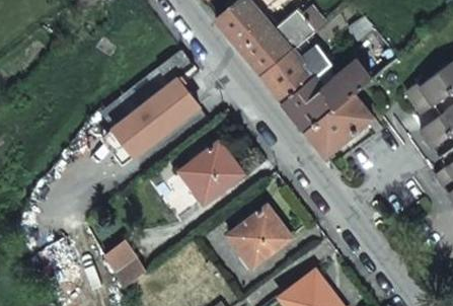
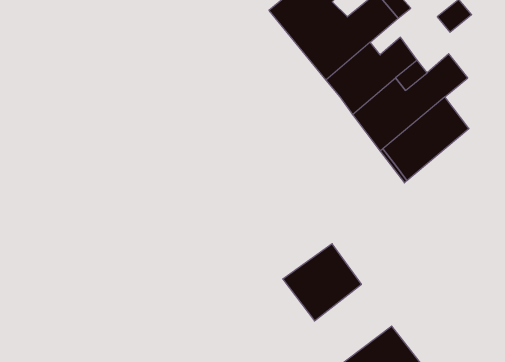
building: [99,52,198,158] -> none
building: [178,144,241,206] -> none
building: [105,241,145,289] -> none

